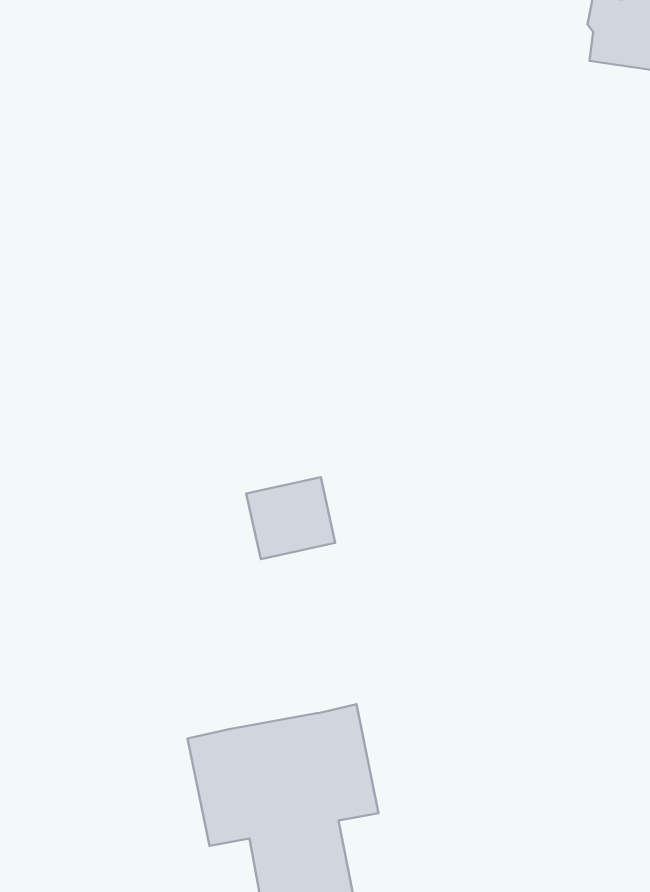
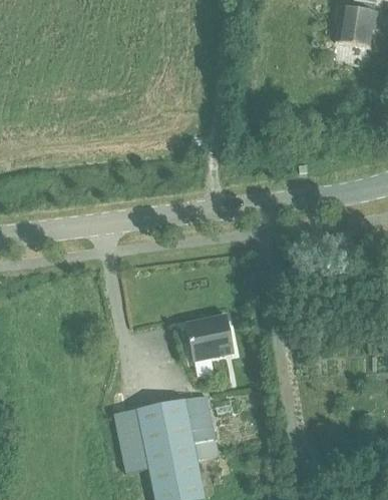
building: [246,477,335,559] -> [185,314,235,359]

